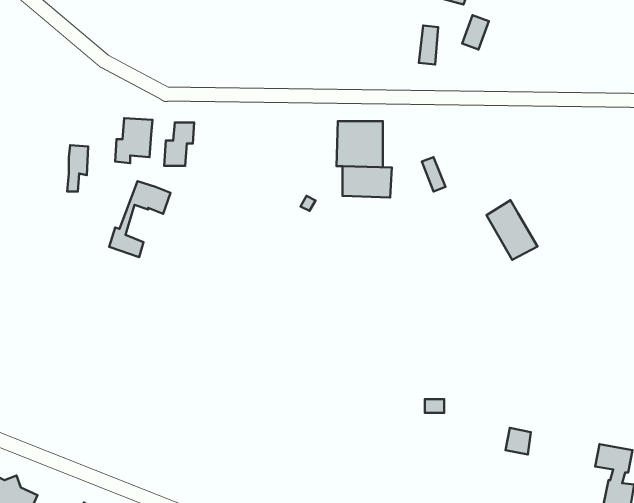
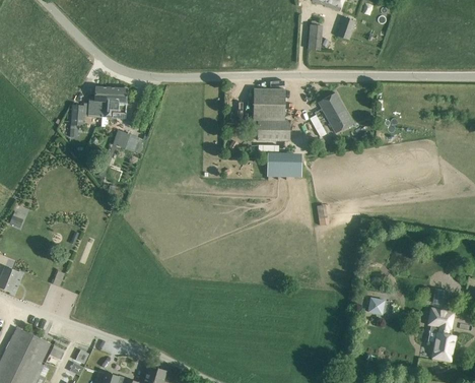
building: [164,123,194,166] -> [87,87,108,117]
building: [487,200,537,260] -> [318,92,352,133]
building: none -> [267,155,299,174]

